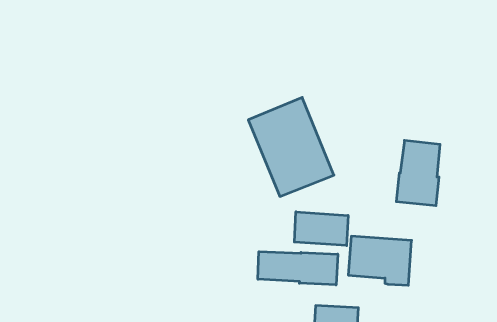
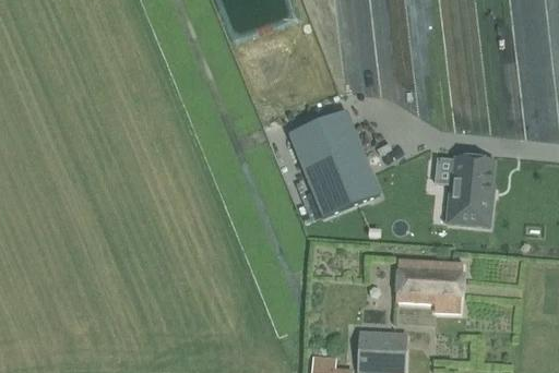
building: [294,212,348,246] -> none
building: [258,252,338,285] -> none

